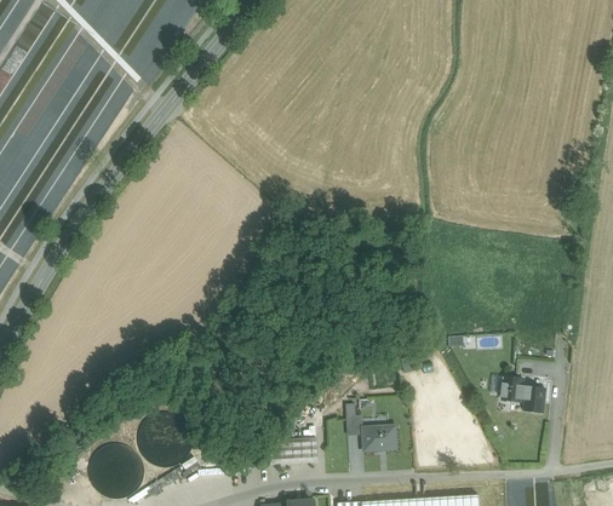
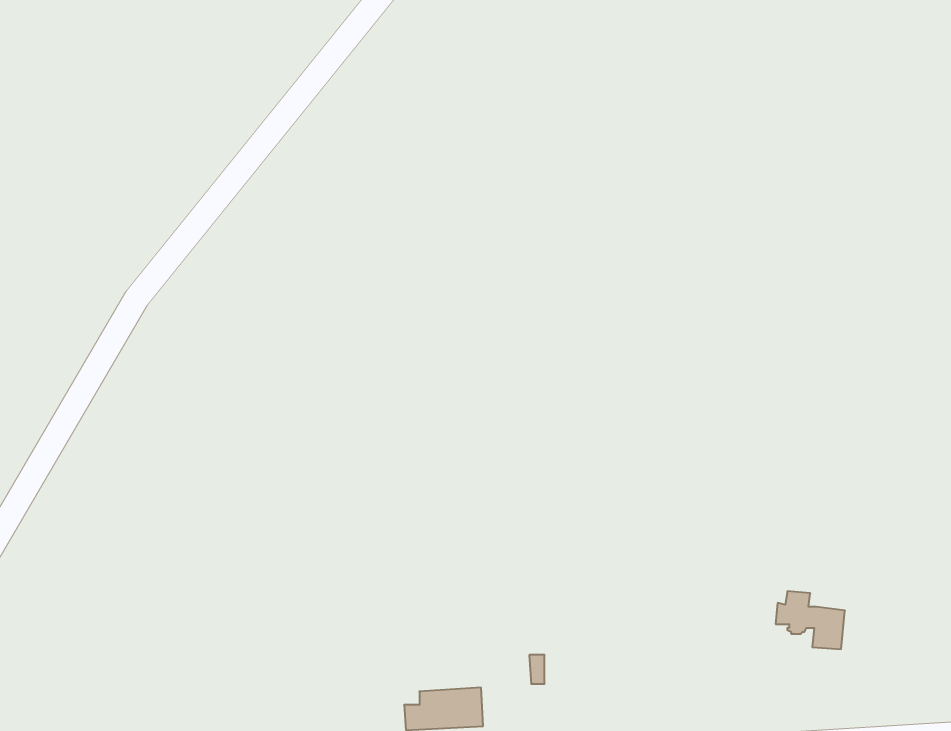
building: [362,426,397,452] -> none

